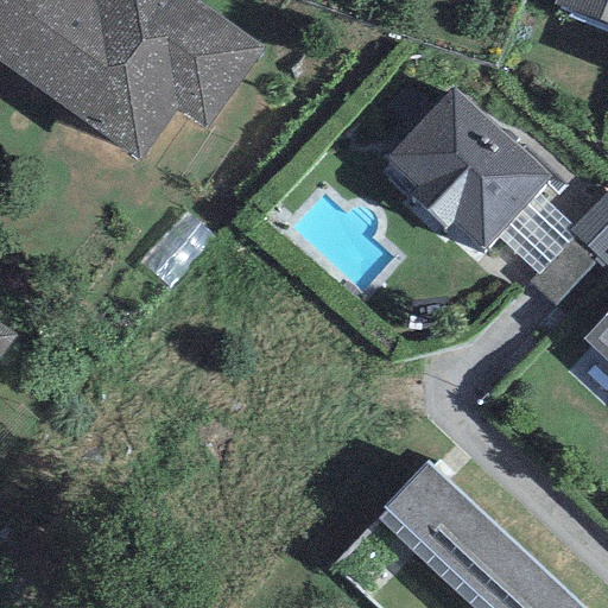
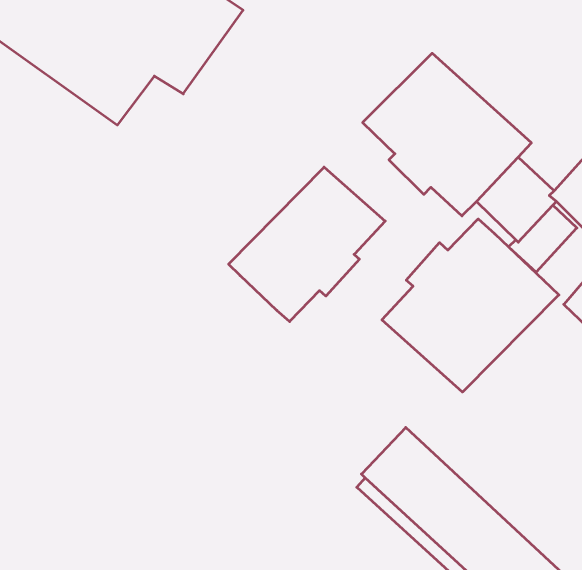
building: none -> [229,167,385,322]
building: none -> [382,219,559,392]

